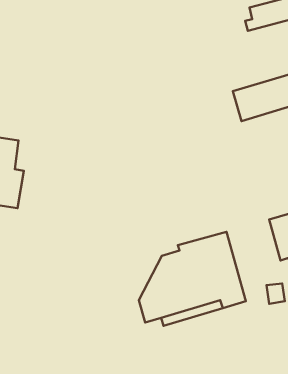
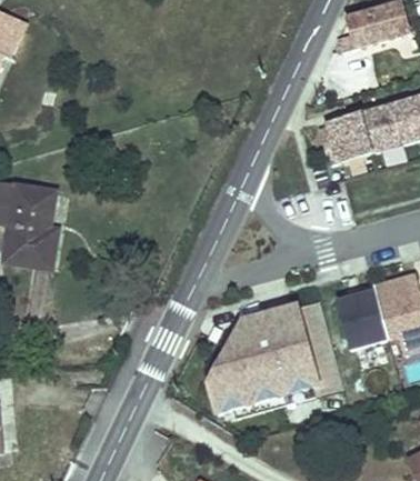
building: none -> [336,285,384,348]

